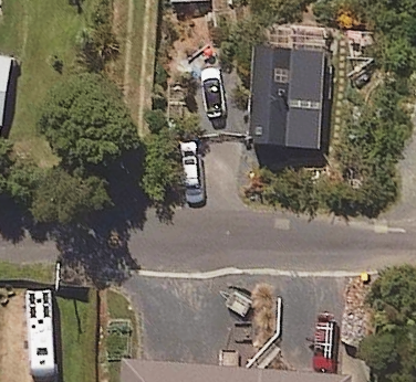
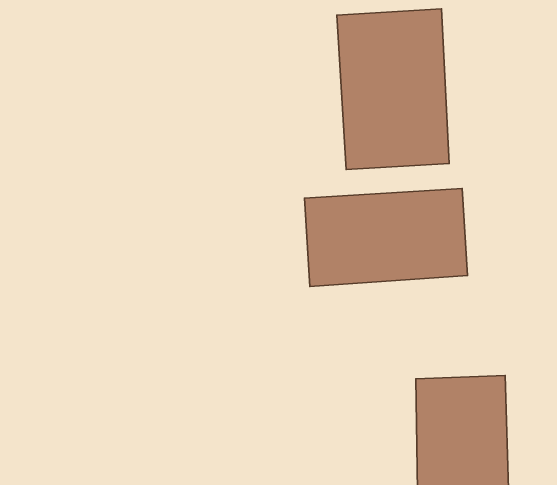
building: none -> [305,189,467,286]

